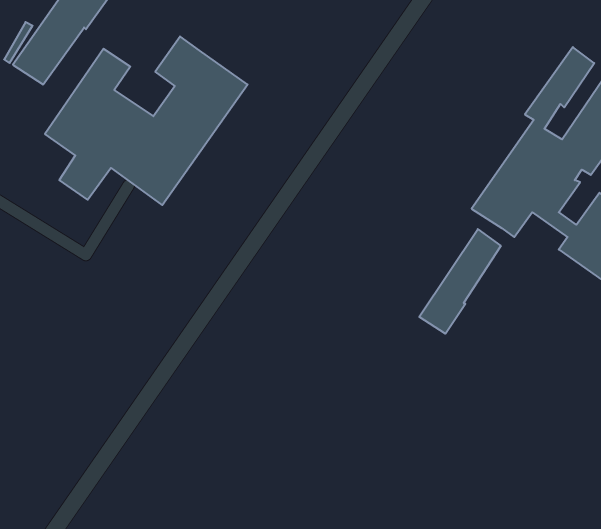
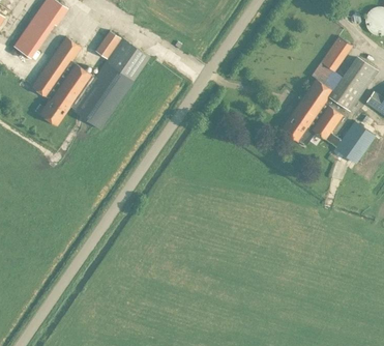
building: [419,229,501,334] -> none

